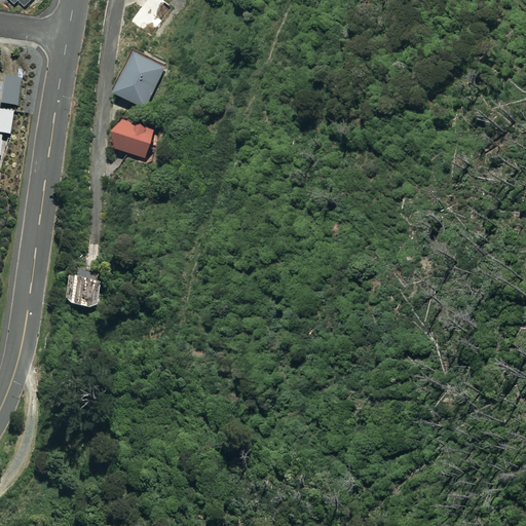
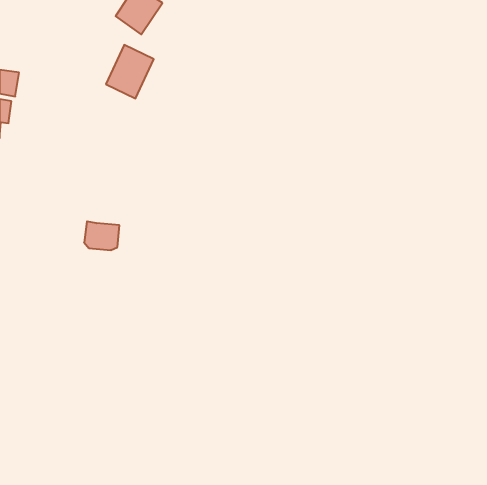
building: [109,116,158,156] -> none
building: [62,276,100,307] -> [84,221,119,250]

